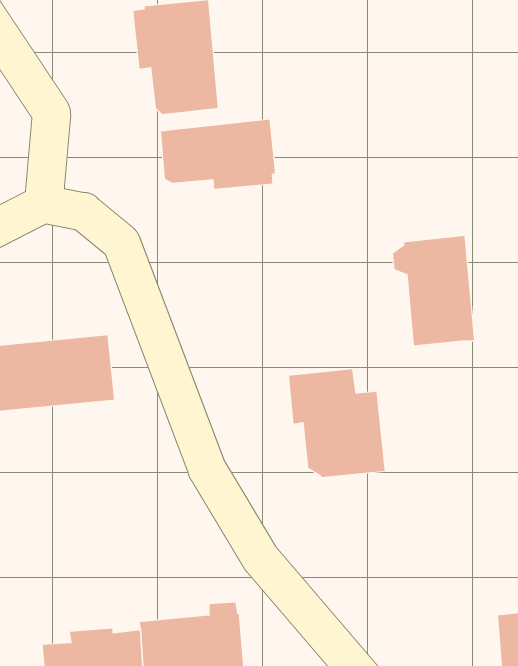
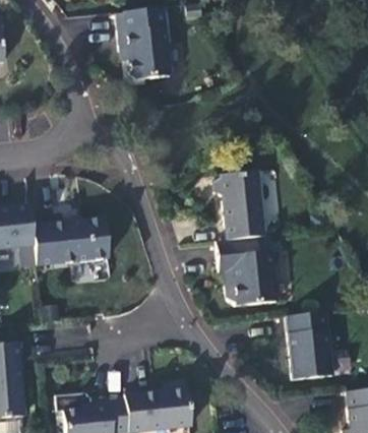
building: [161,119,275,190] -> none
building: [392,236,475,346] -> [214,171,266,240]
building: none -> [290,312,336,379]

